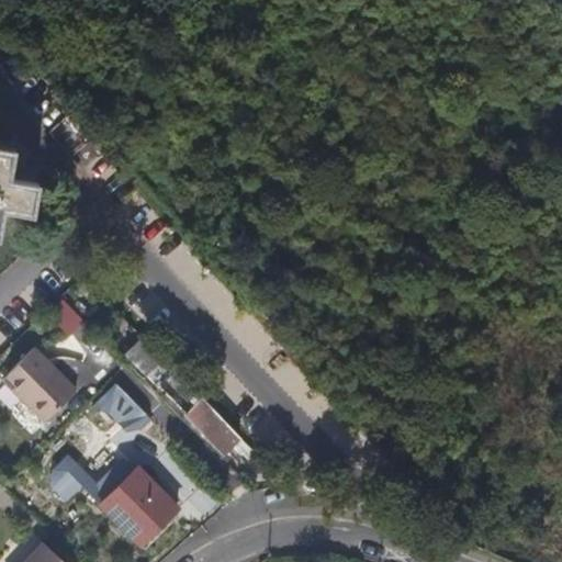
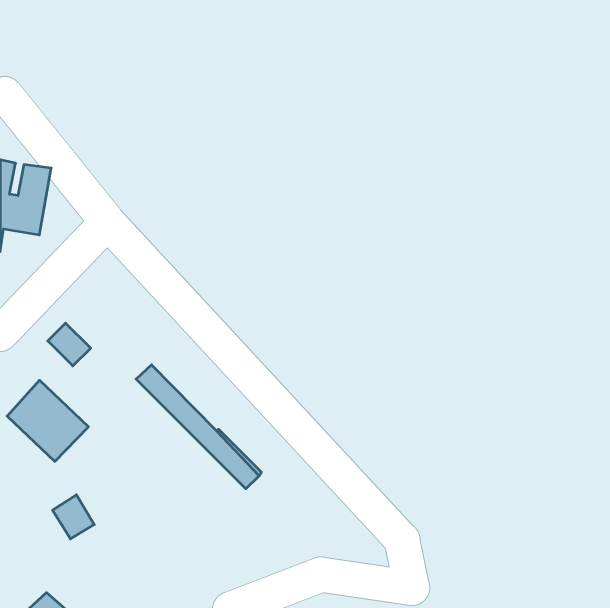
building: [98,384,147,432] -> none
building: [95,468,176,547] -> none

